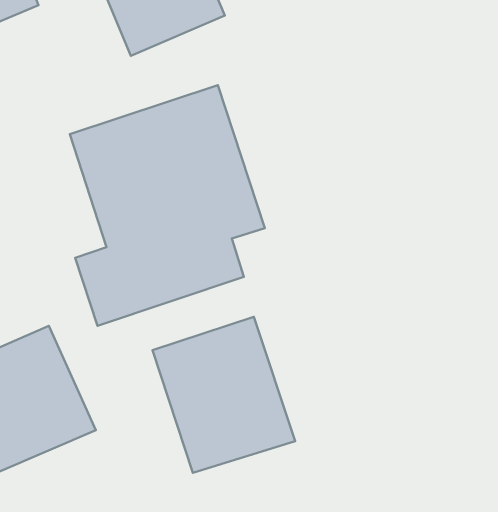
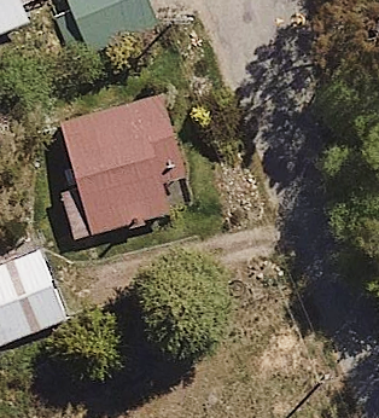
building: [153,317,295,473] -> none

